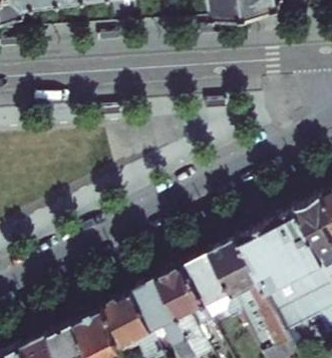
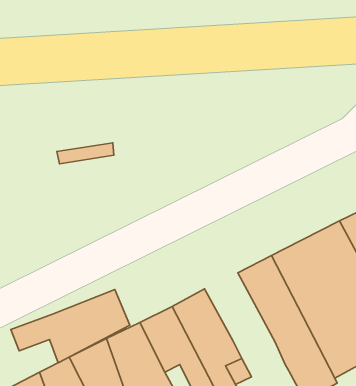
building: [187,250,252,326] -> none
building: none -> [11,290,130,363]

